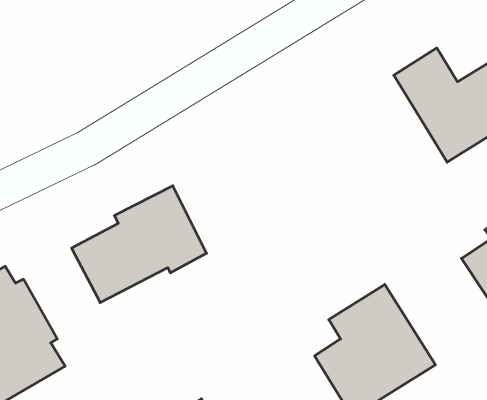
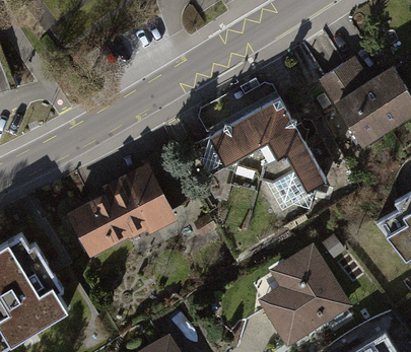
building: none -> [196,99,329,212]

